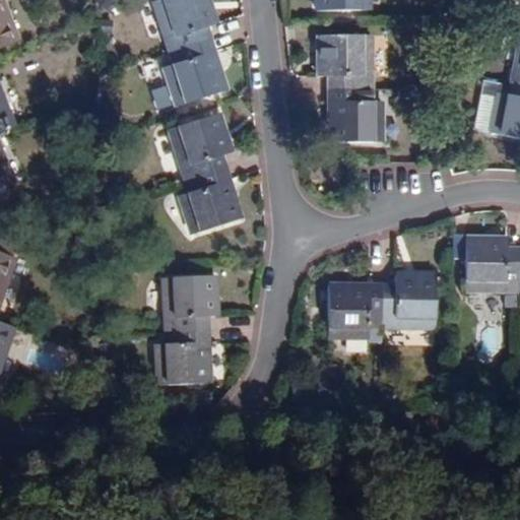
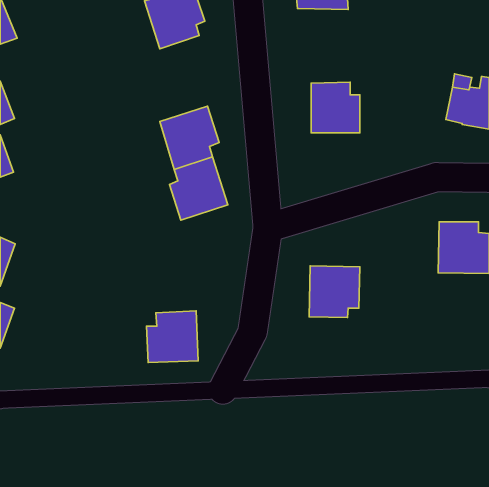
building: [318,34,372,88] -> none
building: [165,38,229,106] -> none
building: [381,273,436,327] -> none
building: [164,275,219,332] -> none

